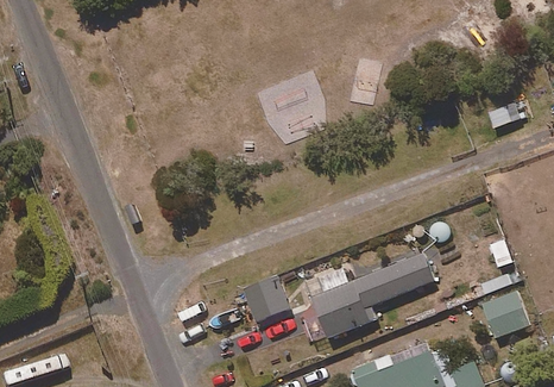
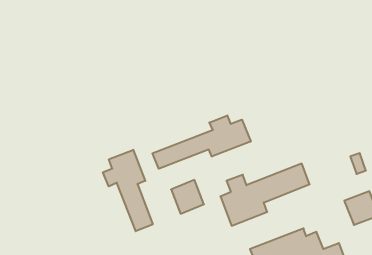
building: none -> [152,115,251,169]
building: none -> [103,150,153,231]

